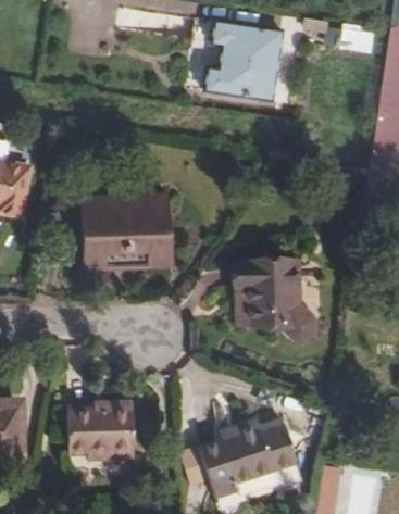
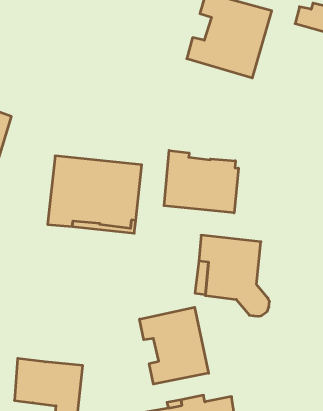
building: none -> [164,150,238,213]
building: none -> [140,307,209,384]

